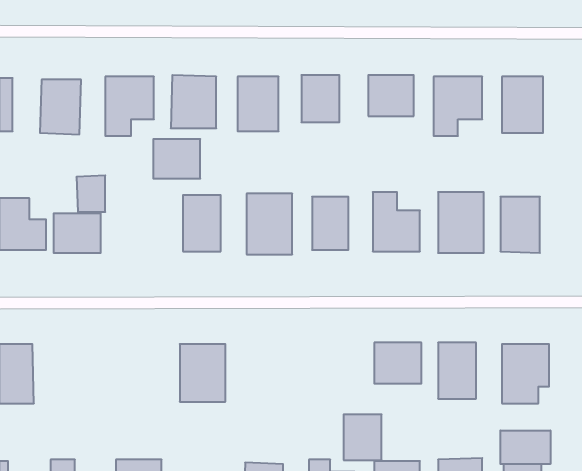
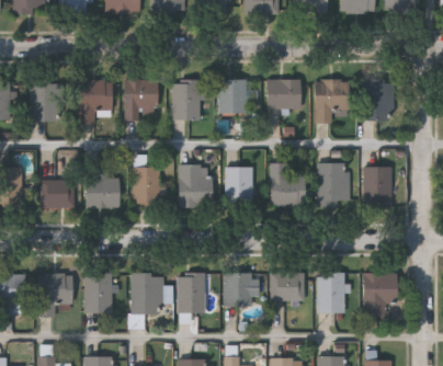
building: [153,139,200,179] -> [84,179,118,207]
building: none -> [84,273,112,313]
building: none -> [178,273,205,312]
building: none -> [36,274,72,317]
building: [344,414,382,460] -> [224,273,251,306]
building: [500,430,550,464] -> none

